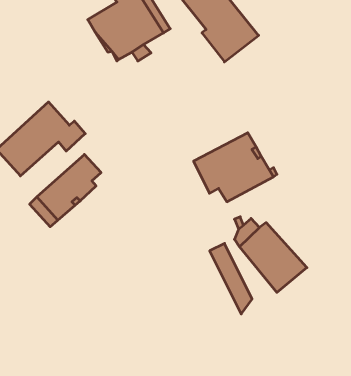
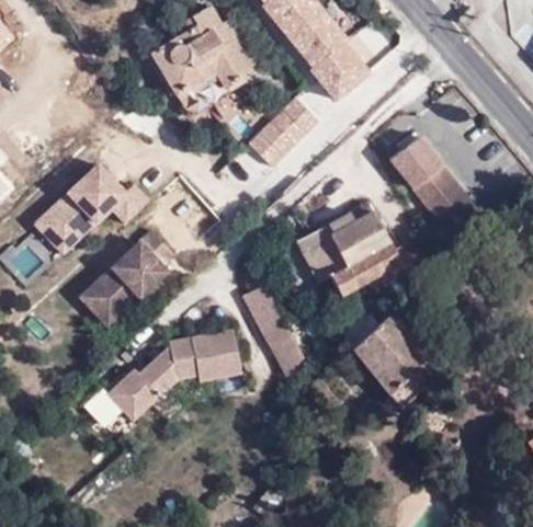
building: none -> [249,98,320,169]
building: none -> [389,137,476,231]
building: none -> [104,329,238,419]
building: [210,243,252,314] -> [245,285,300,378]

